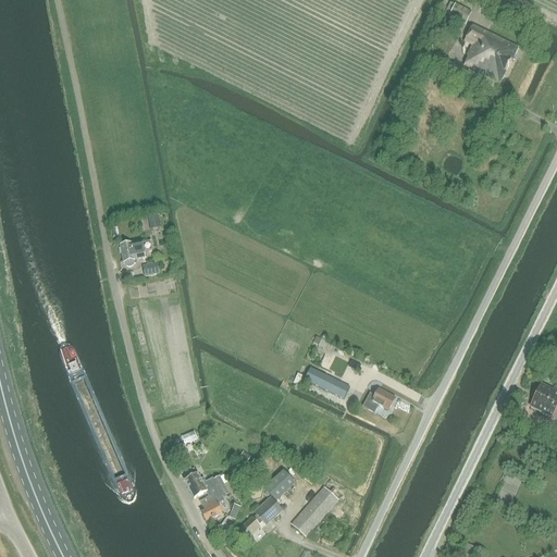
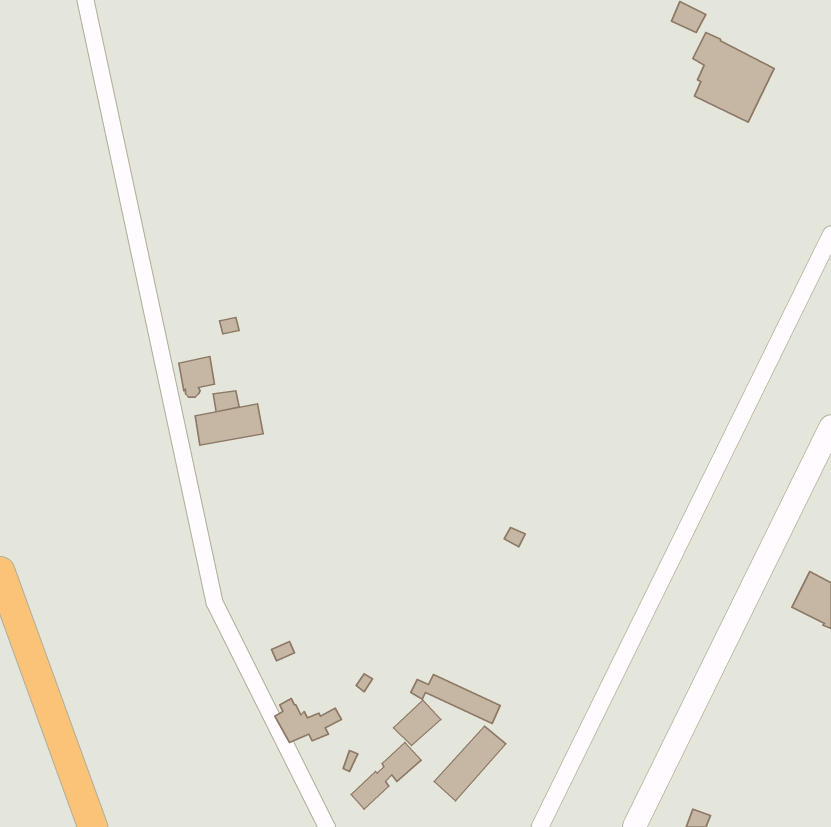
building: none -> [195,404,263,445]
building: [294,368,354,400] -> [411,675,500,723]
building: [363,387,395,411] -> none
building: [200,478,236,520] -> none

